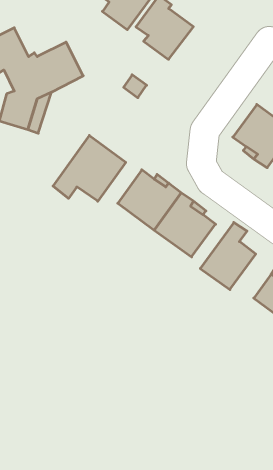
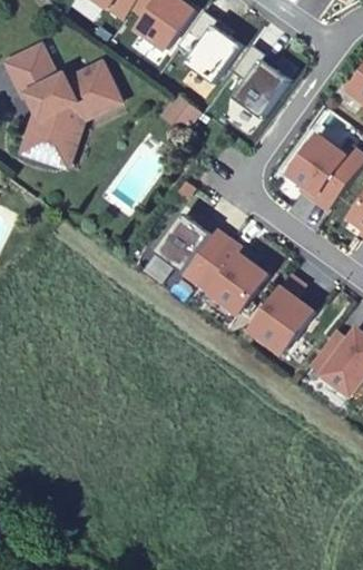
building: none -> [232,43,292,118]
building: [53,135,126,201] -> none

